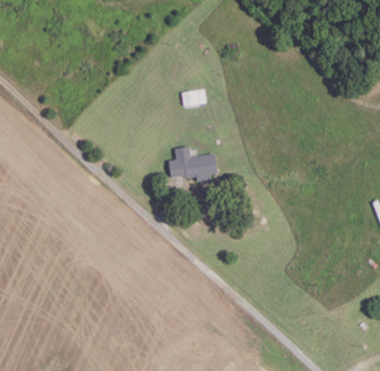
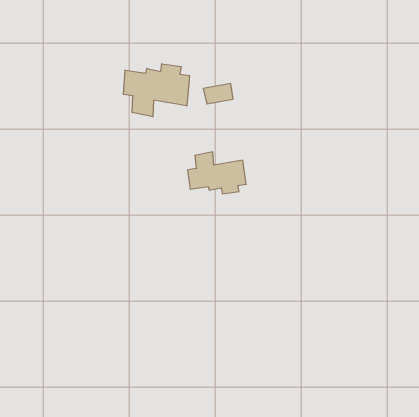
building: none -> [123,64,190,117]

